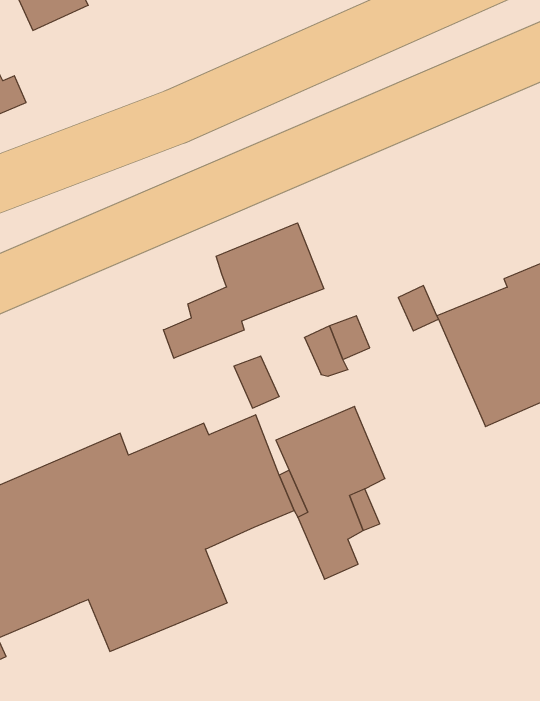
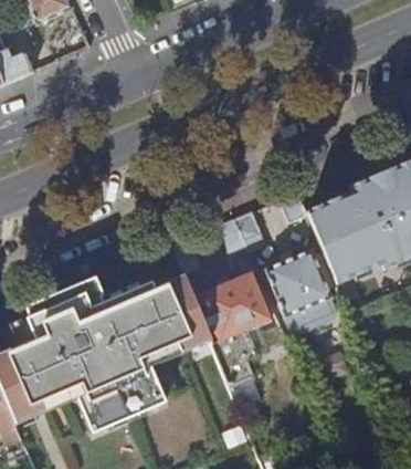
building: [163,223,324,358] -> none
building: none -> [264,249,337,332]

